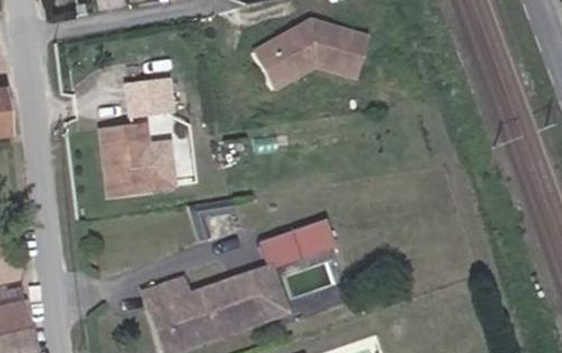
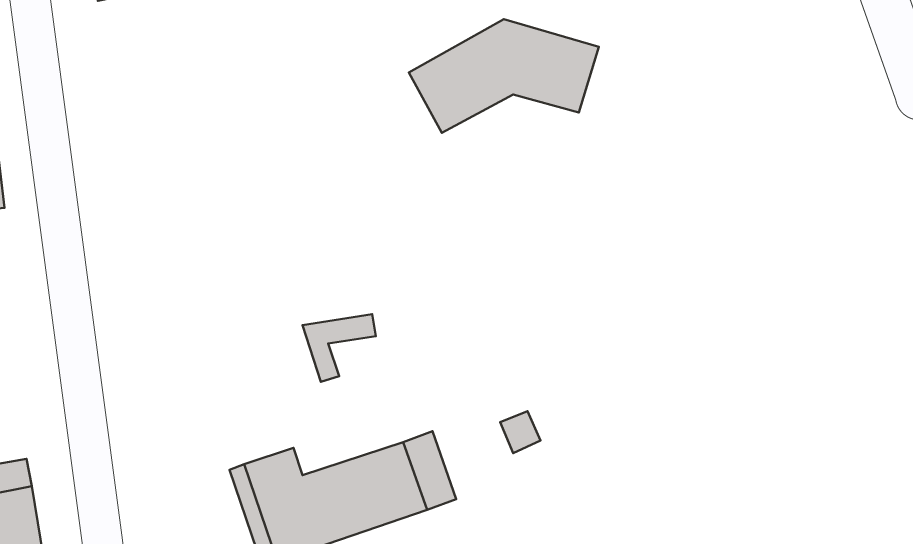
building: [127,80,164,119] -> none
building: [100,123,173,199] -> none
building: [259,222,333,268] -> none

